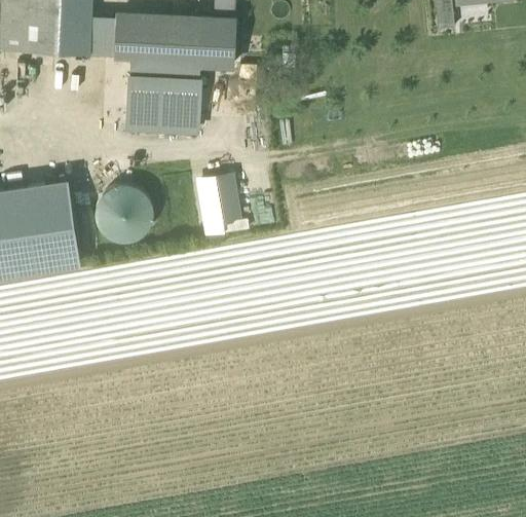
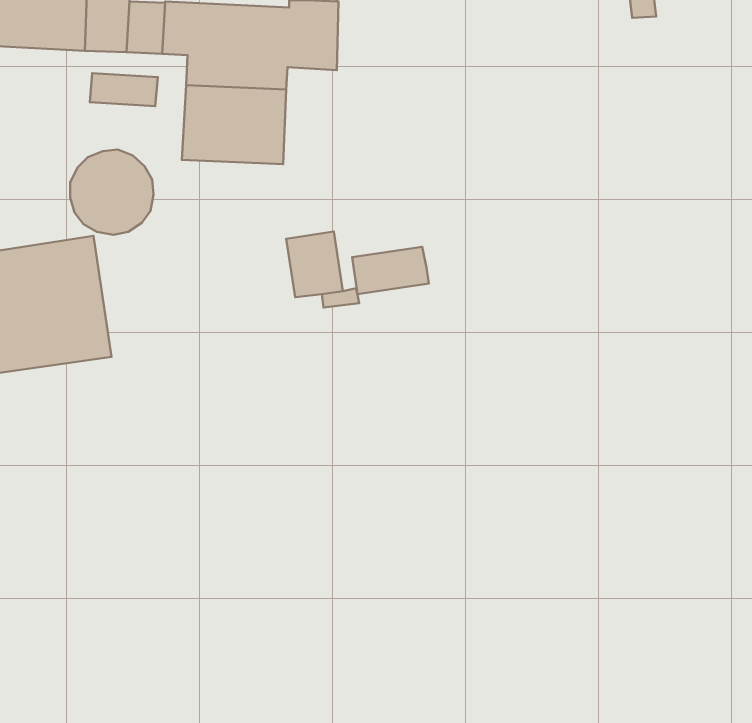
building: none -> [90,73,158,106]
building: [96,184,153,243] -> [70,150,154,235]
building: none -> [352,247,429,294]

